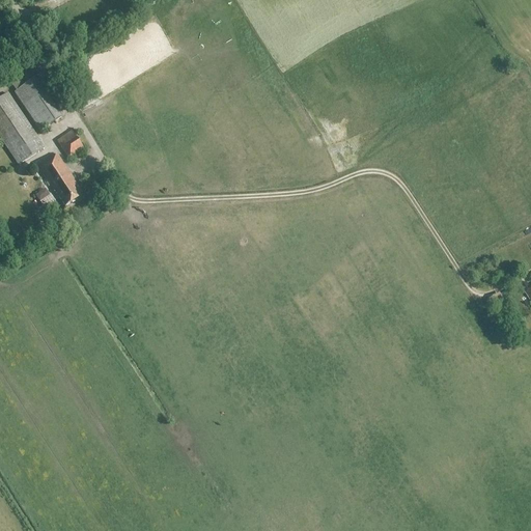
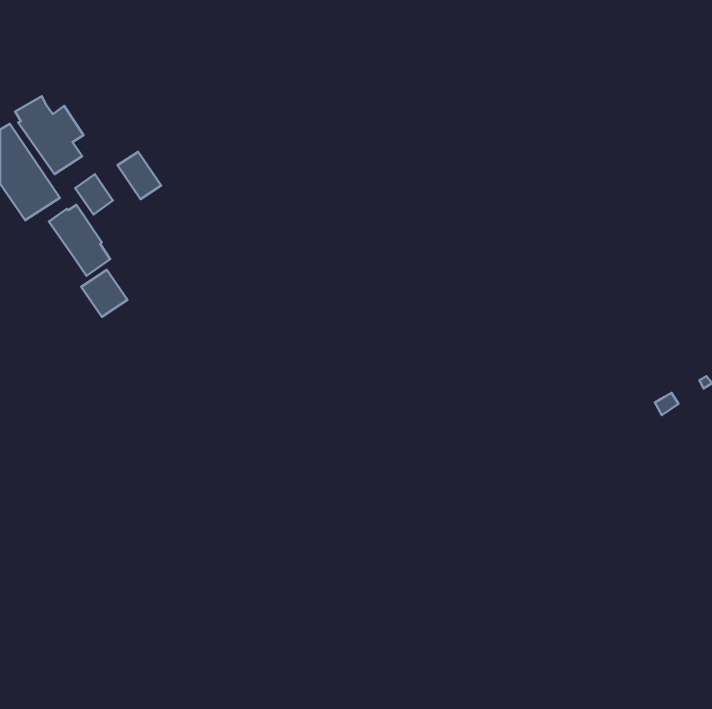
building: none -> [117,152,161,199]
building: none -> [81,270,128,317]

